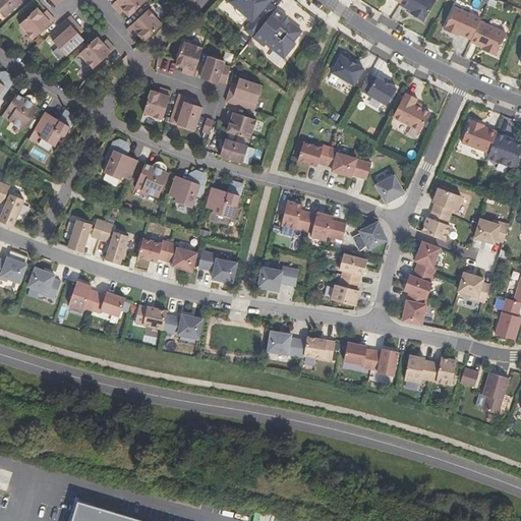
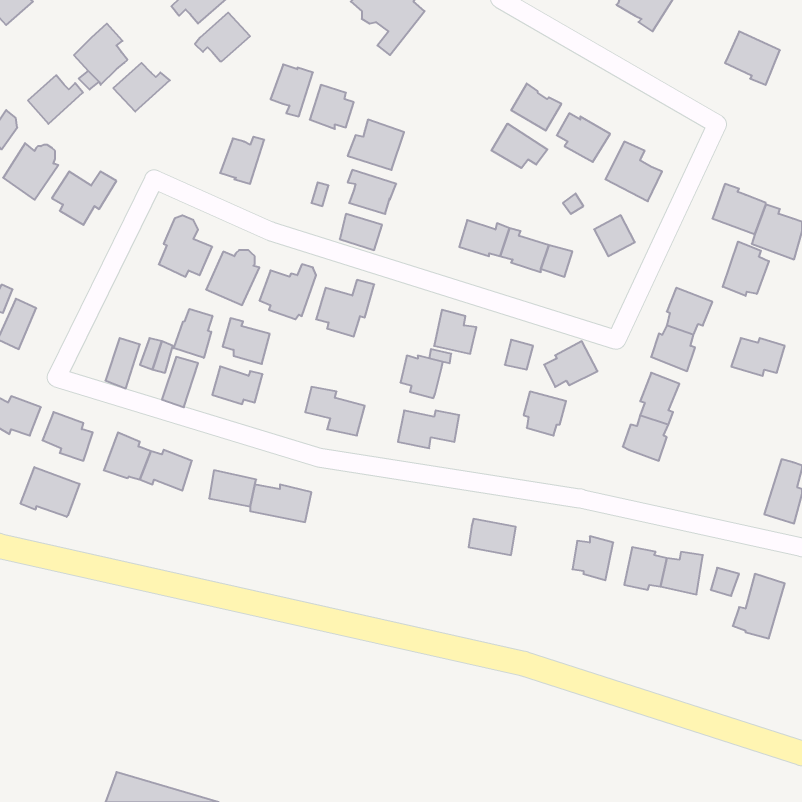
building: [444,6,479,39] -> none
building: [18,7,54,39] -> [28,75,83,124]
building: [252,7,301,57] -> none
building: none -> [491,124,547,168]
building: [170,94,201,127] -> none
building: none -> [723,242,769,296]
building: [375,175,402,201] -> [594,215,635,256]
building: none -> [174,309,212,358]
building: [304,212,332,239] -> [400,356,443,398]
building: [165,242,195,272] -> [223,318,270,364]
building: [457,272,489,302] -> none
building: [331,277,358,305] -> none
building: [401,291,427,325] -> none
building: none -> [21,467,80,517]
building: [267,330,305,356] -> none
building: [343,341,373,368] -> none

